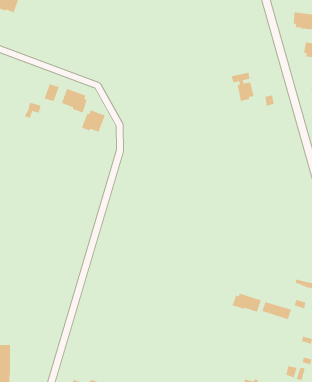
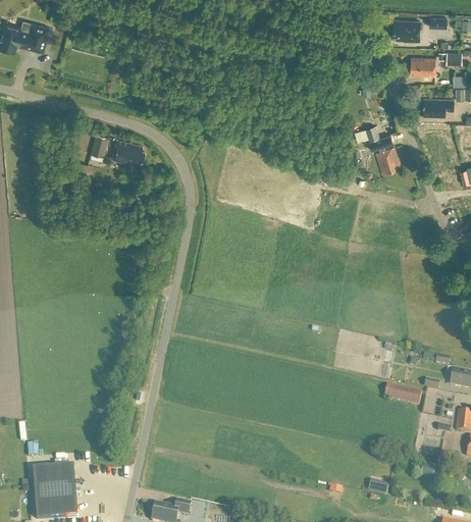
building: [231,72,254,101] -> [367,135,399,172]
building: [81,110,105,133] -> none
building: [232,293,262,312] -> none

